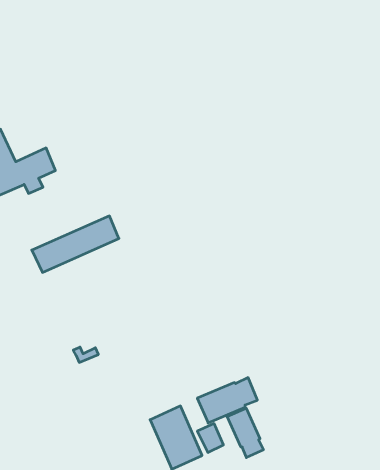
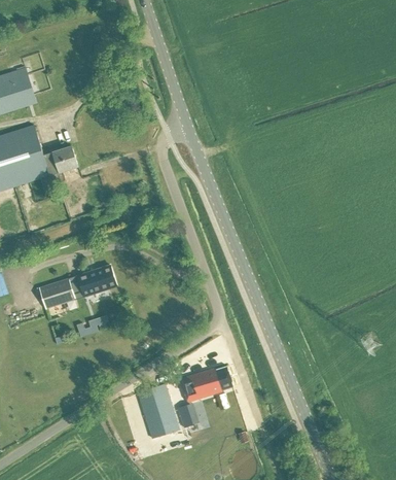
building: [32,216,119,272] -> [38,266,115,309]
building: [227,408,263,458] -> none

